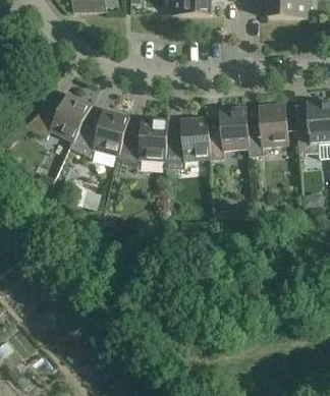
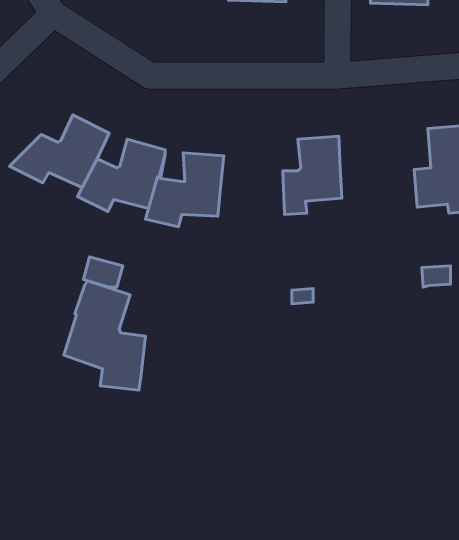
building: [248,103,289,156] -> none
building: [165,116,210,169] -> none
building: none -> [64,281,146,390]

